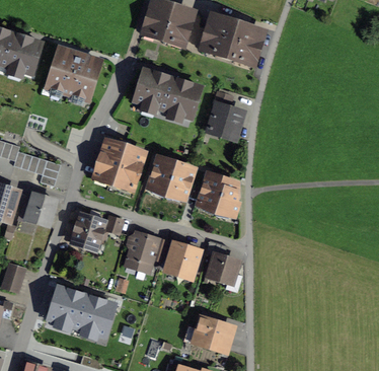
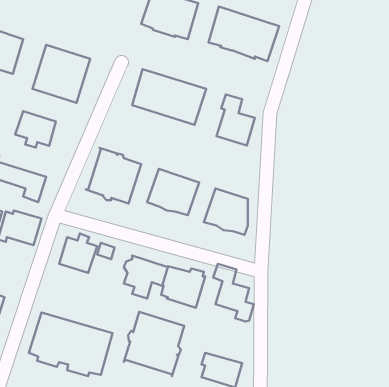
building: none -> [15,111,56,148]
building: none -> [124,312,184,376]

